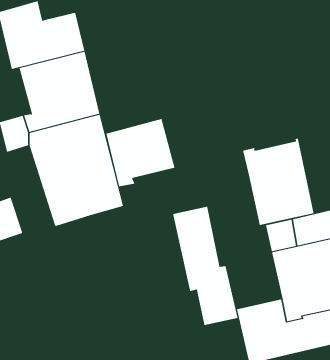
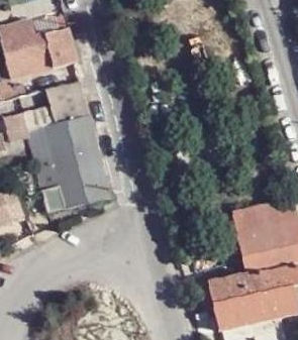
building: [106,118,175,187] -> none
building: [243,138,314,226] -> none
building: [172,206,238,326] -> none

